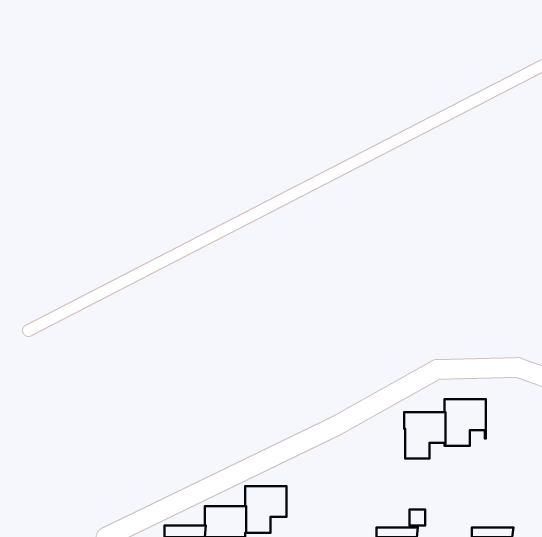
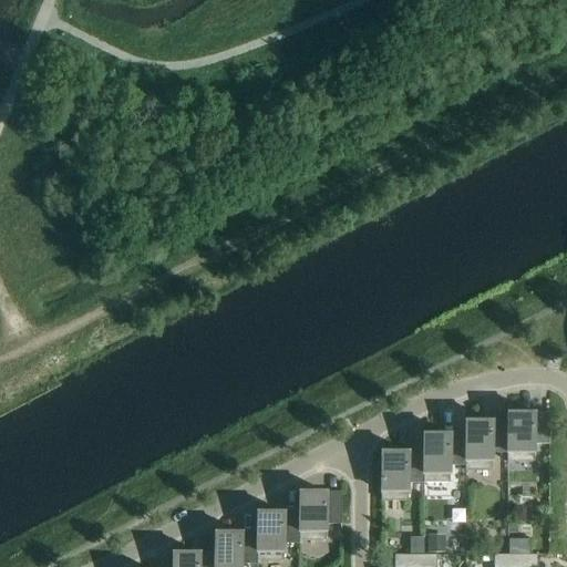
building: none -> [506,409,549,458]
building: none -> [380,449,423,497]
building: none -> [298,488,341,537]

